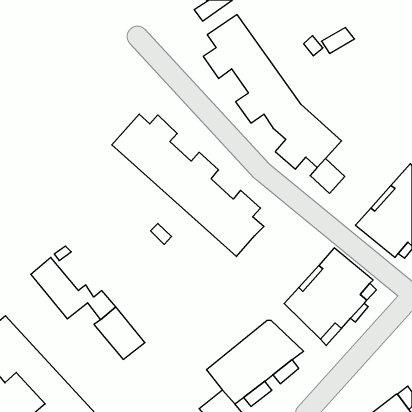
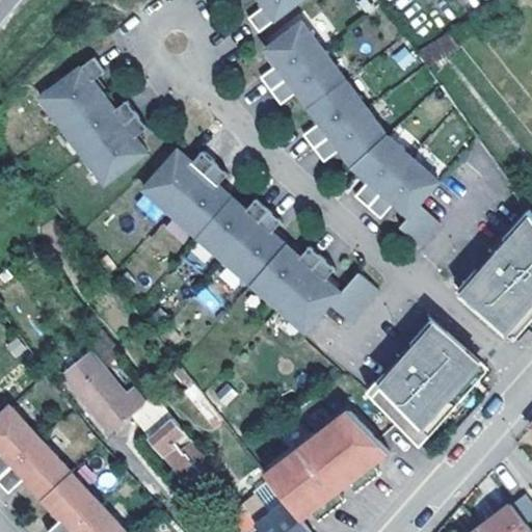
building: none -> [42,55,148,182]
building: none -> [327,274,378,324]

